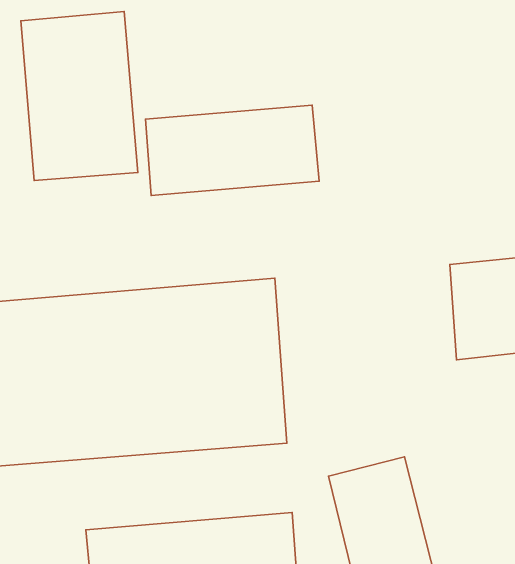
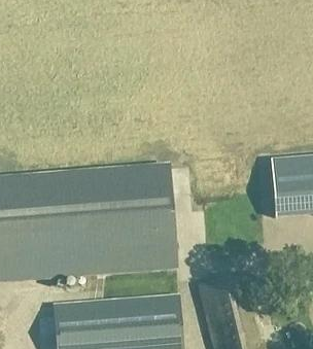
building: [21,11,138,181] -> none
building: [146,105,319,195] -> none

